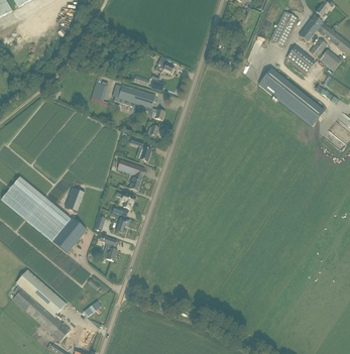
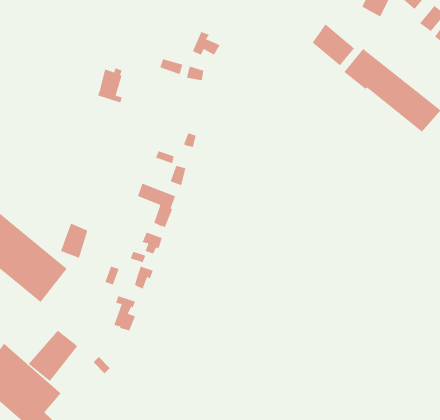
building: [285,43,315,73] -> [312,23,355,66]
building: [111,83,163,118] -> none
building: [51,217,86,252] -> [28,330,78,382]

